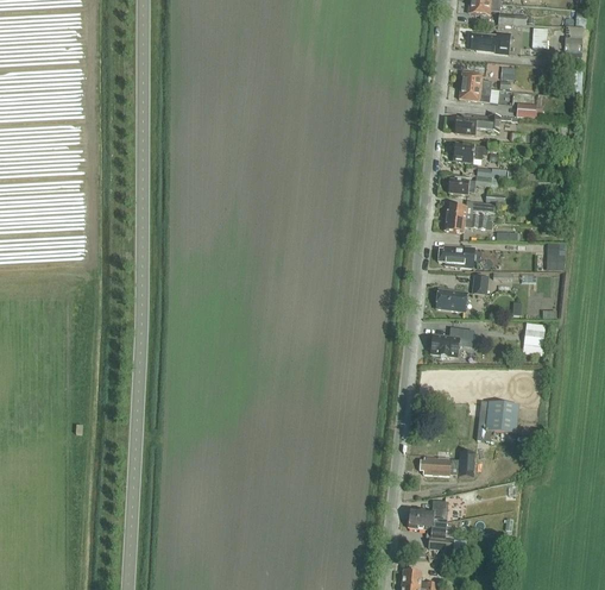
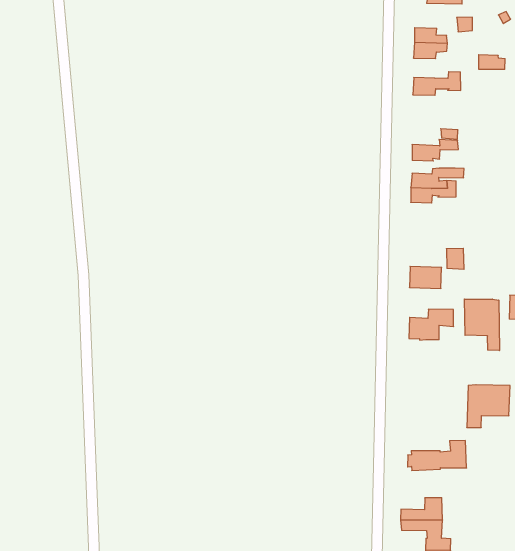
building: [453,140,499,162] -> none
building: [439,243,475,266] -> none
building: none -> [464,299,499,351]

